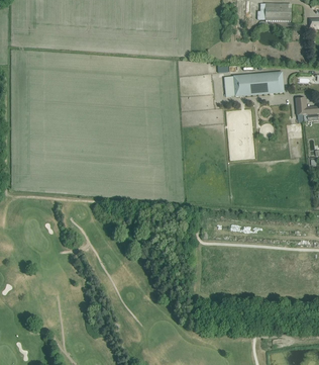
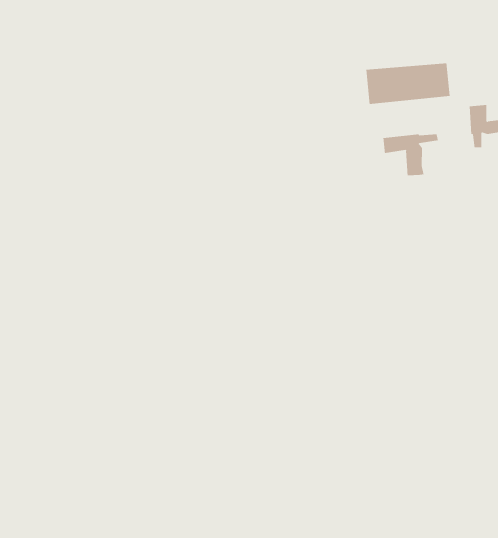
building: none -> [383,133,438,176]

